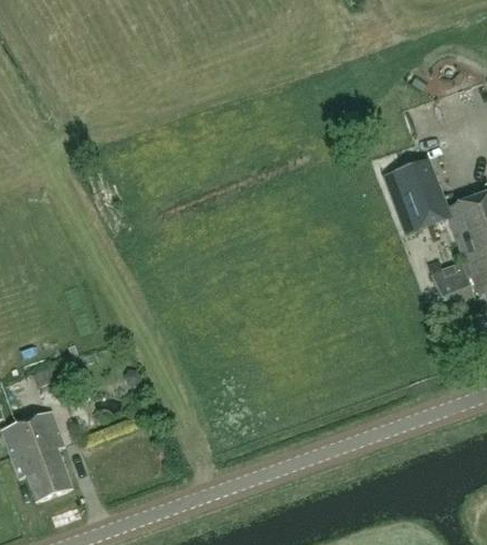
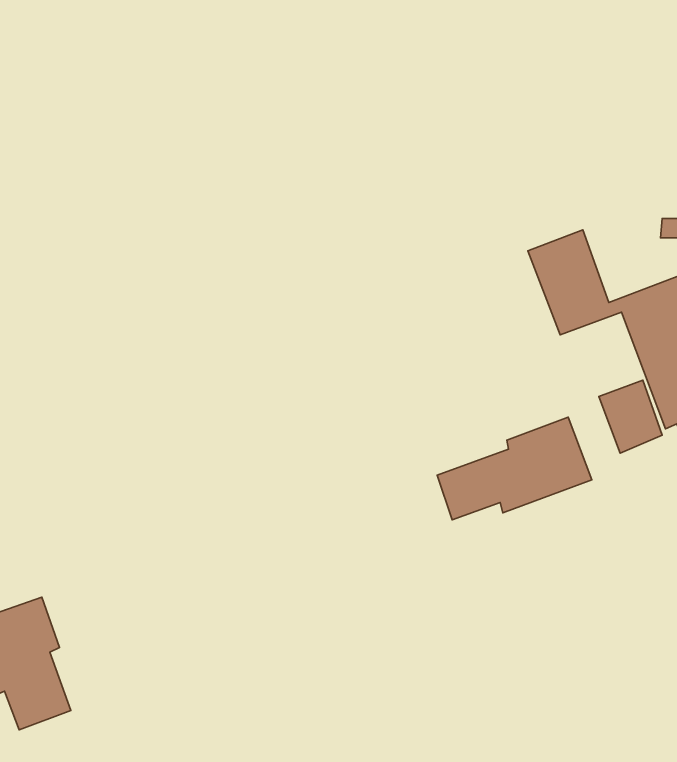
building: none -> [437,417,592,520]

